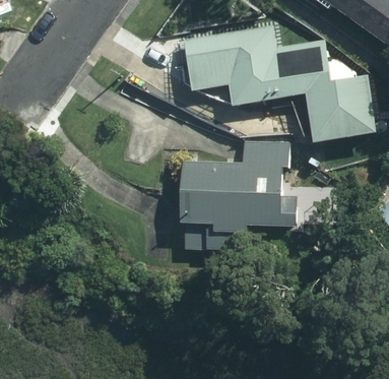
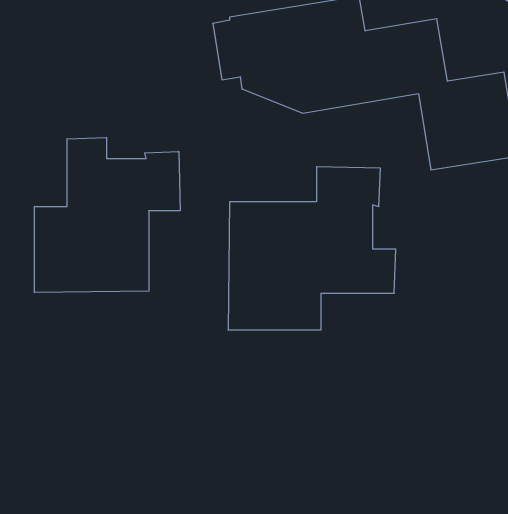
building: none -> [34,137,180,293]

